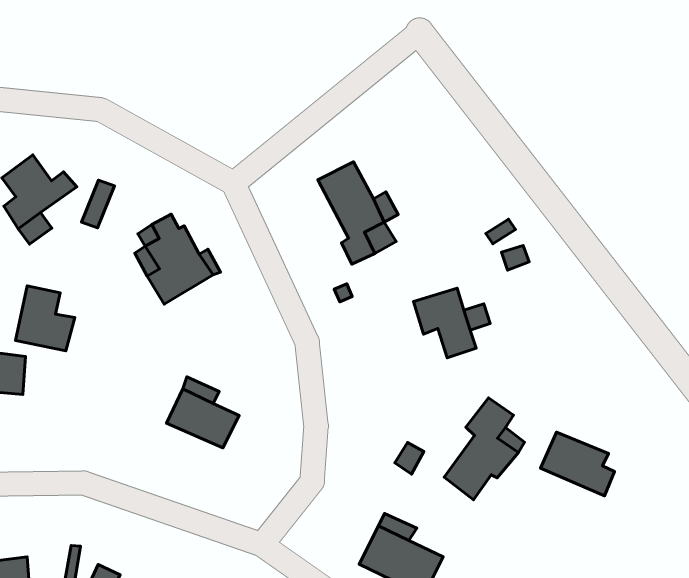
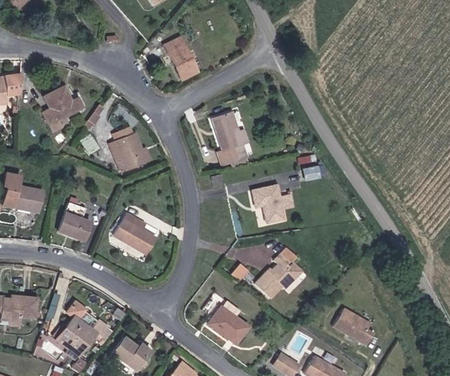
building: none -> [166,40,197,82]
building: [15,286,75,351] -> [58,203,91,240]
building: [540,432,615,496] -> [335,308,374,345]

